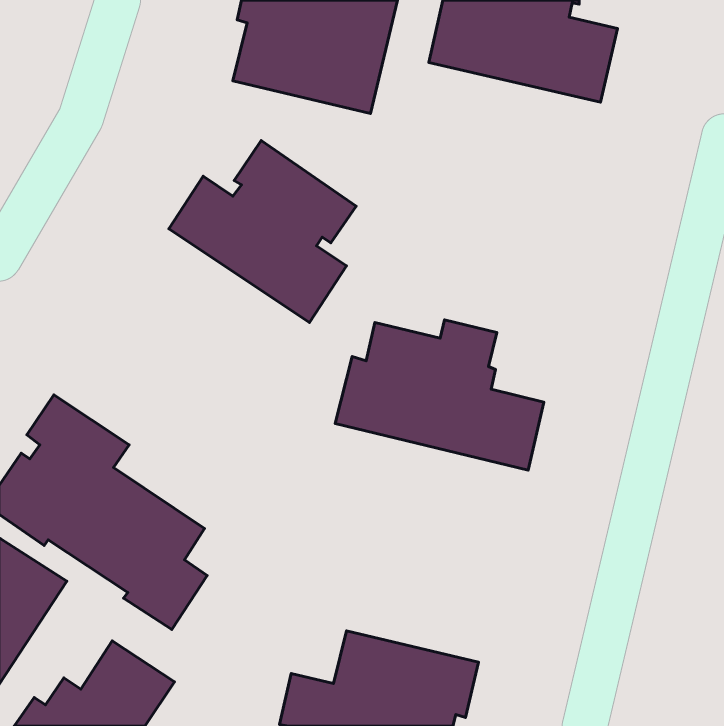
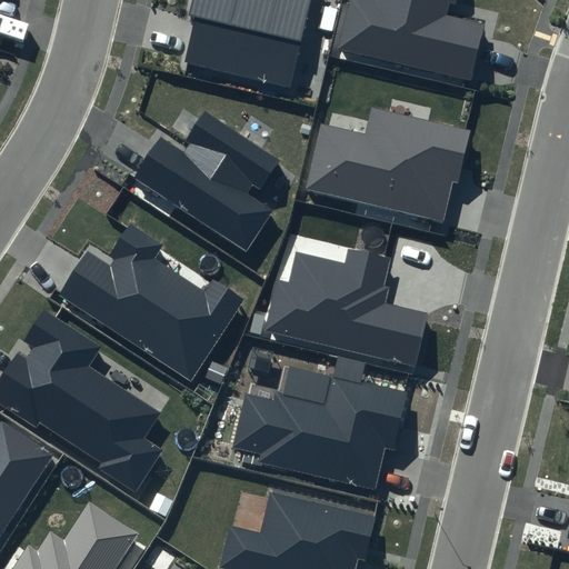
building: none -> [303,108,470,222]
building: none -> [59,222,244,381]
building: none -> [233,356,407,488]

